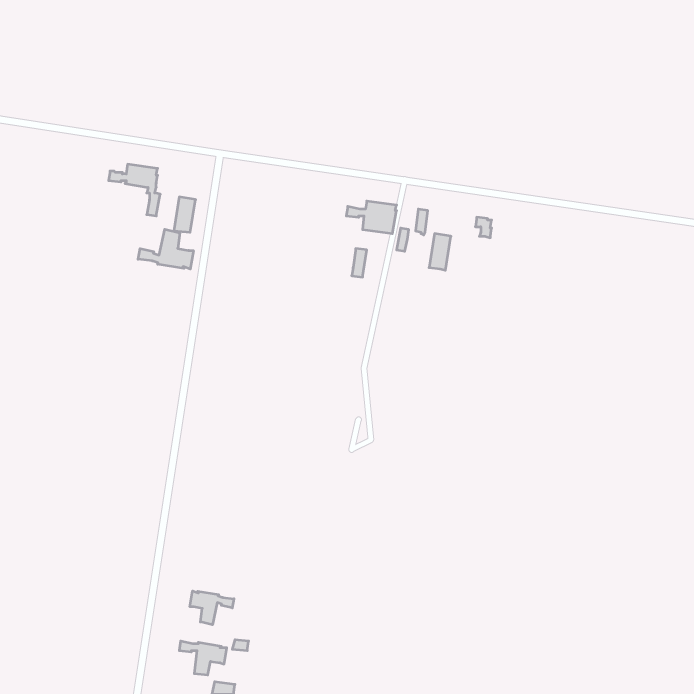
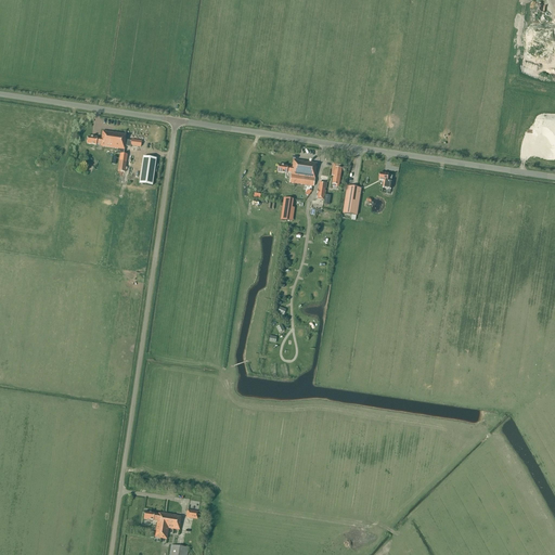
building: [138,229,193,269] -> none
building: [190,591,234,625] -> none

